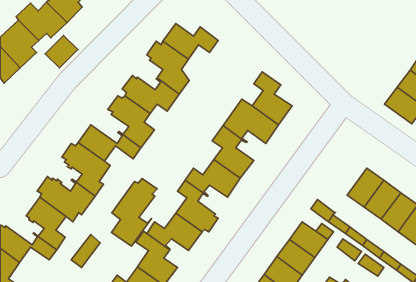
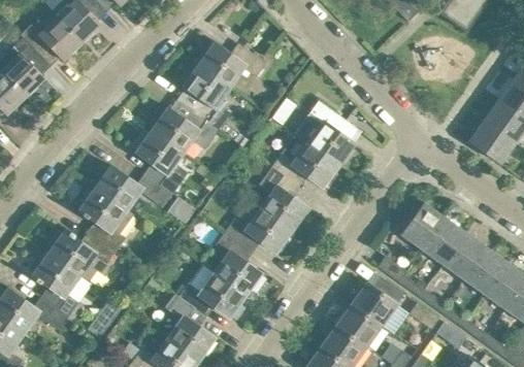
building: [45,35,78,68] -> none
building: none -> [400,202,446,251]
building: [112,179,157,246] -> none

